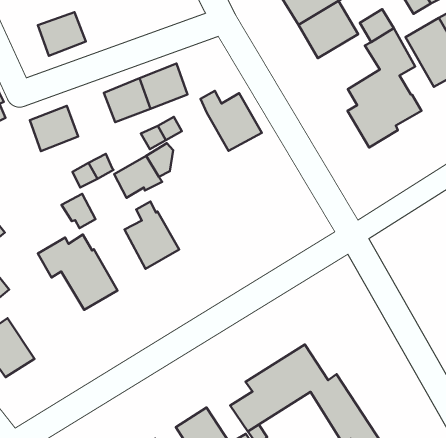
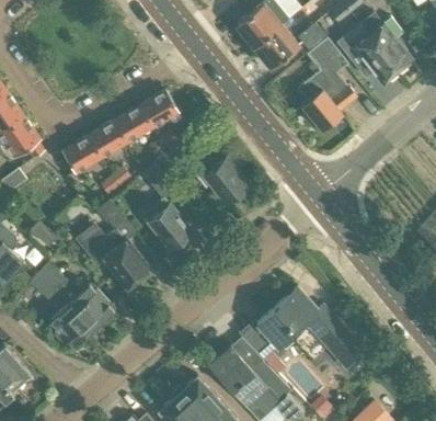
building: [38,12,86,56] -> [89,121,127,157]
building: [200,91,262,151] -> [197,158,248,203]
building: none -> [69,284,114,330]

